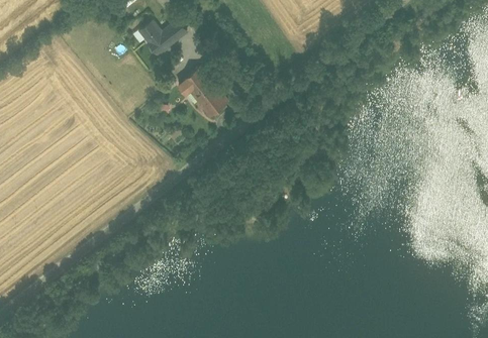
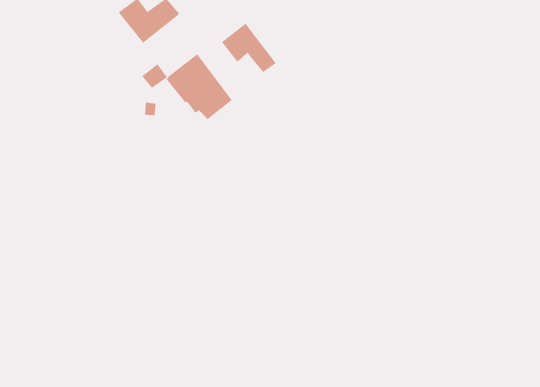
building: none -> [221,23,277,73]

